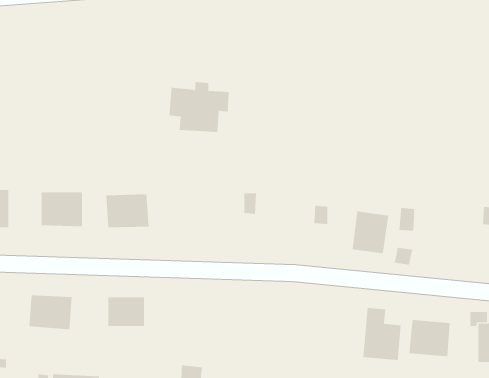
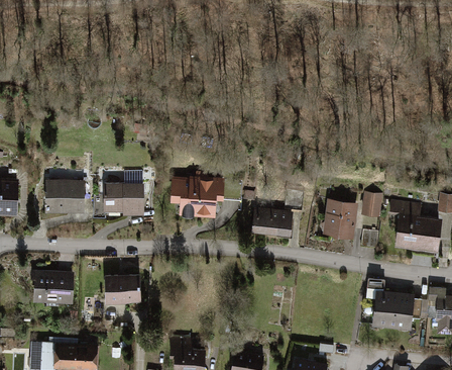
building: [169,82,230,133] -> [169,170,224,215]
building: none -> [389,201,441,252]
building: none -> [253,210,292,237]
building: [363,307,401,361] -> none

